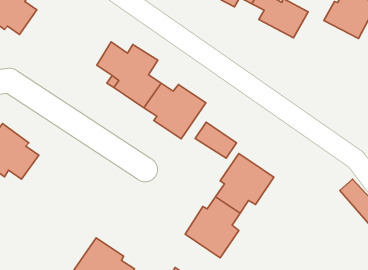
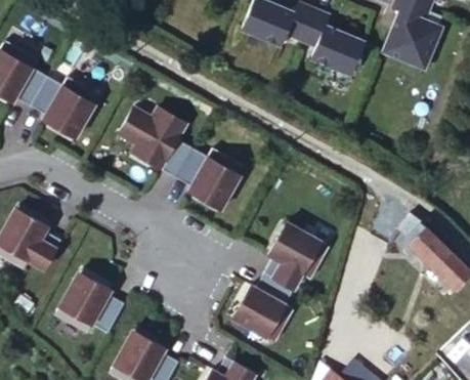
building: none -> [31,74,100,136]
building: [195,122,237,158] -> none
building: none -> [56,269,127,331]

